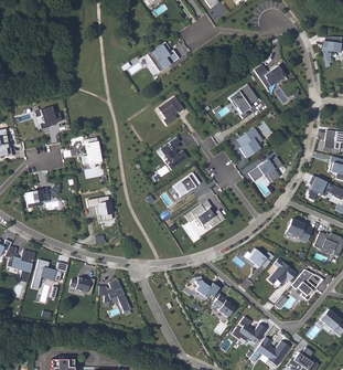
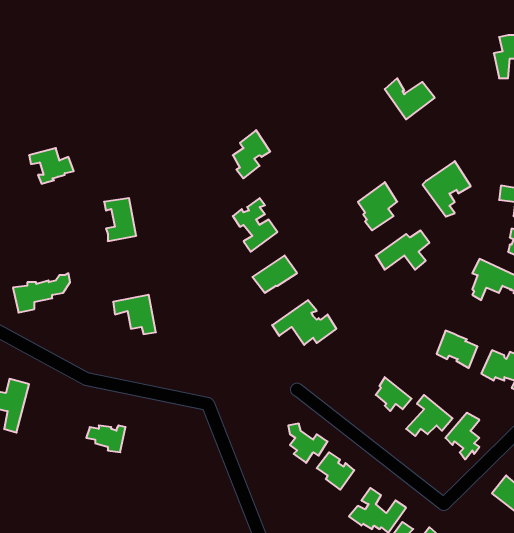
building: [148,42,180,72] -> none
building: [228,84,258,118] -> [423,161,471,217]
building: [31,258,67,288] -> none
building: [97,278,130,311] -> none

